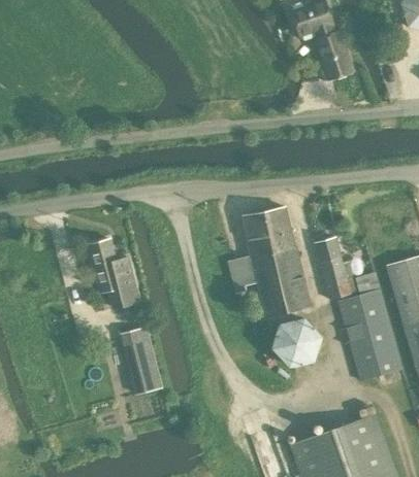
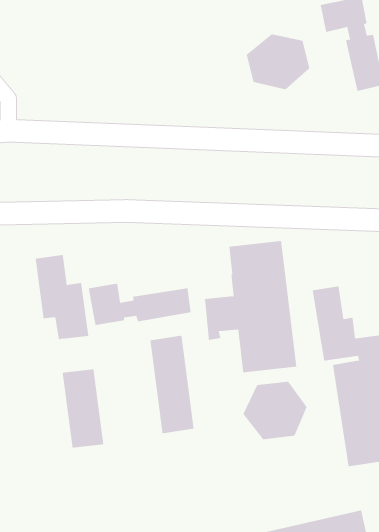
building: none -> [246,33,310,90]
building: none -> [88,283,191,326]
building: none -> [150,335,194,434]

